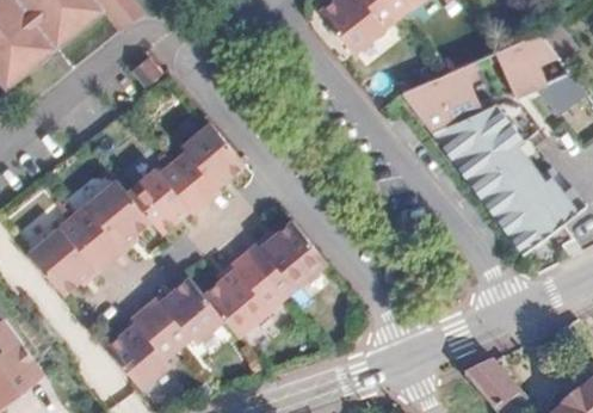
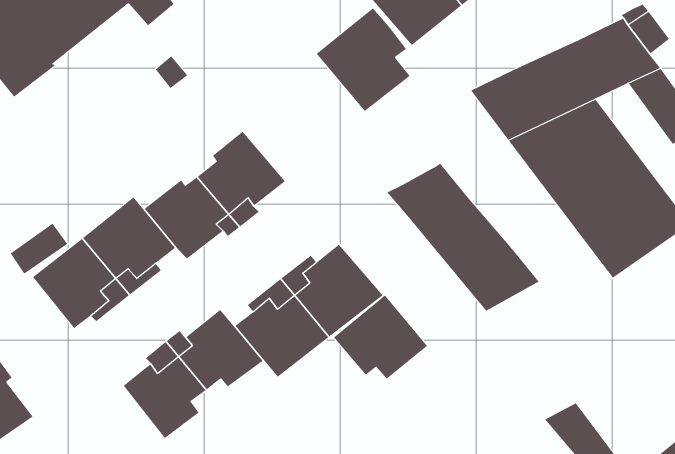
building: none -> [316,8,410,112]
building: none -> [387,163,540,311]
building: none -> [333,294,428,380]

